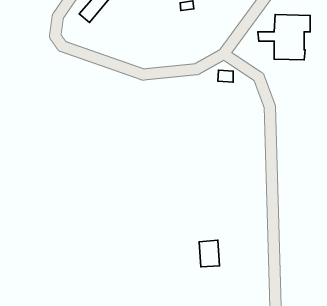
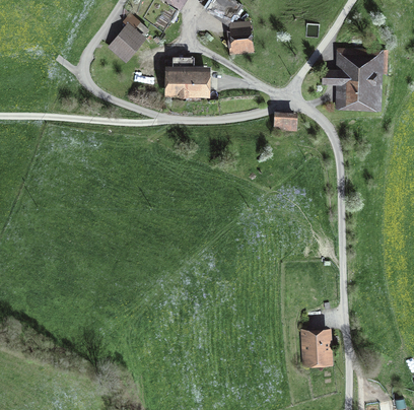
building: none -> [167,63,206,99]
building: [199,240,220,267] -> [304,333,329,364]

